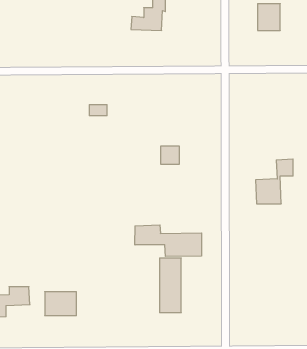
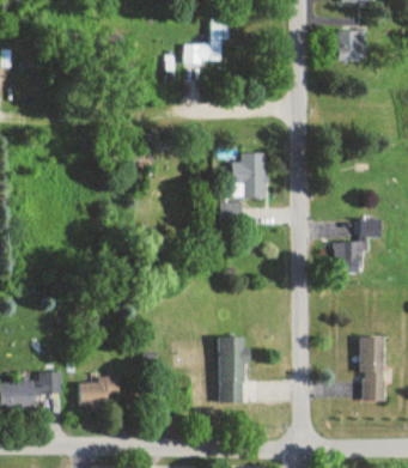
building: none -> [231,152,266,197]
building: [135,225,201,256] -> none
building: none -> [360,338,384,401]

